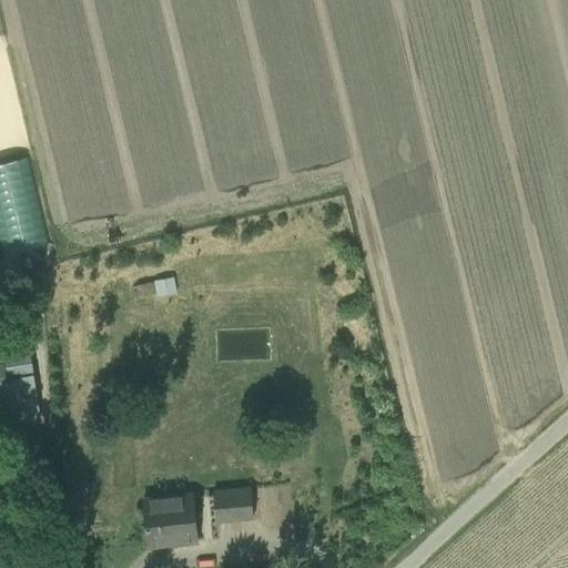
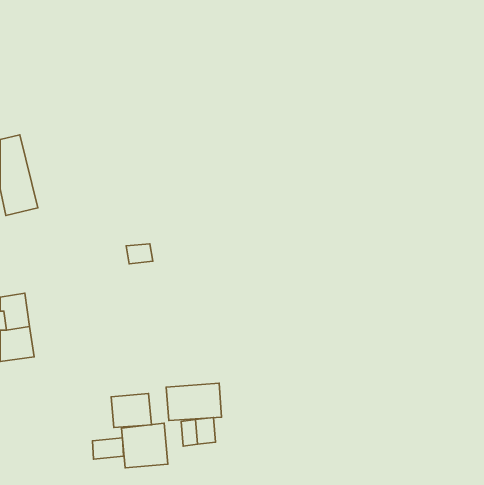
building: none -> [166,383,222,421]
building: none -> [111,393,151,428]
building: none -> [92,438,123,459]

